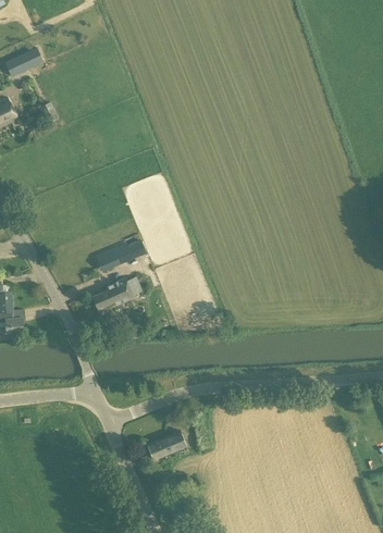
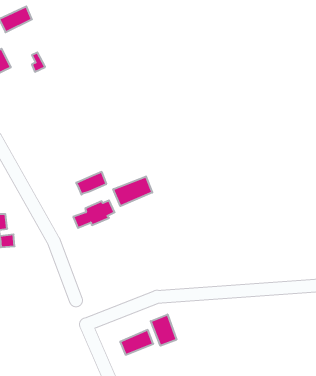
building: none -> [113,176,152,206]
building: none -> [151,314,176,346]

